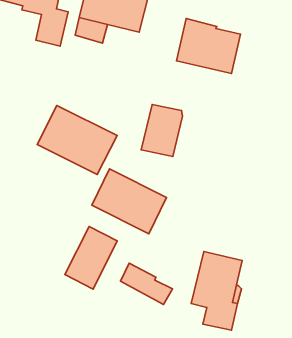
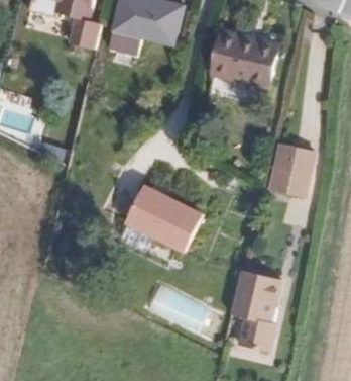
building: [141,105,183,157] -> [270,142,313,196]
building: [37,106,117,174] -> none
building: [65,226,117,289] -> none

